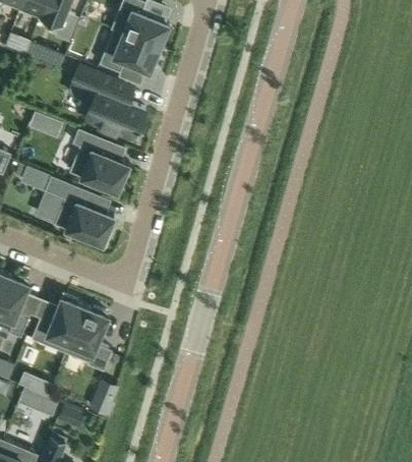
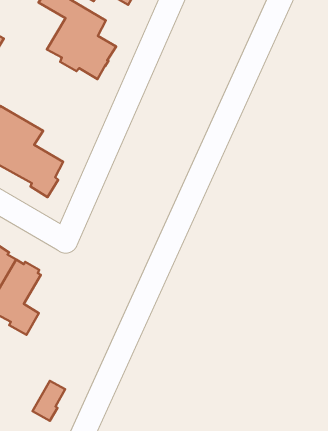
building: [69,129,129,192] -> none
building: [92,382,117,416] -> [33,381,65,421]

